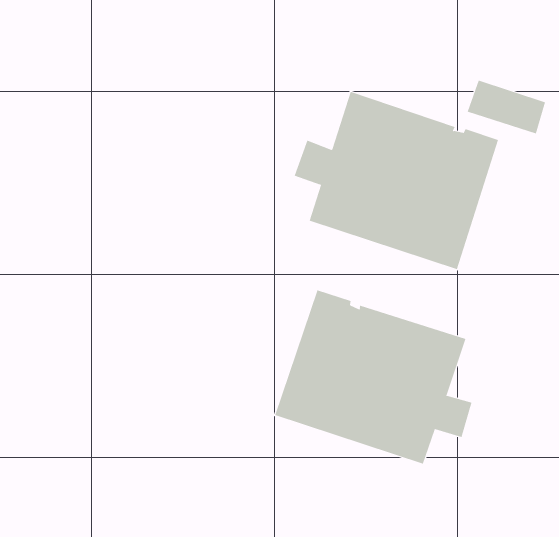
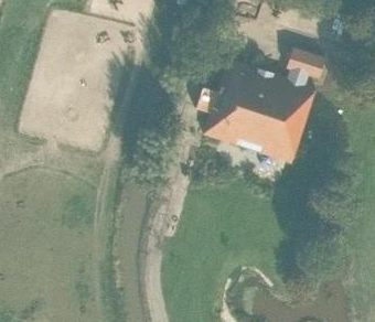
building: [275,290,472,464] -> none

